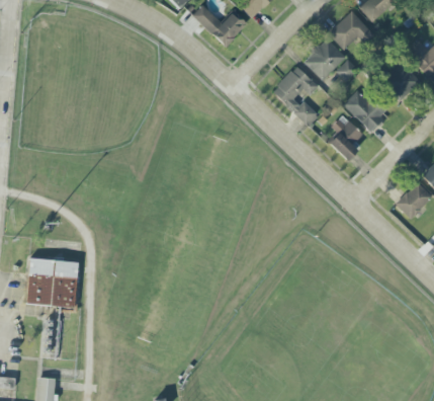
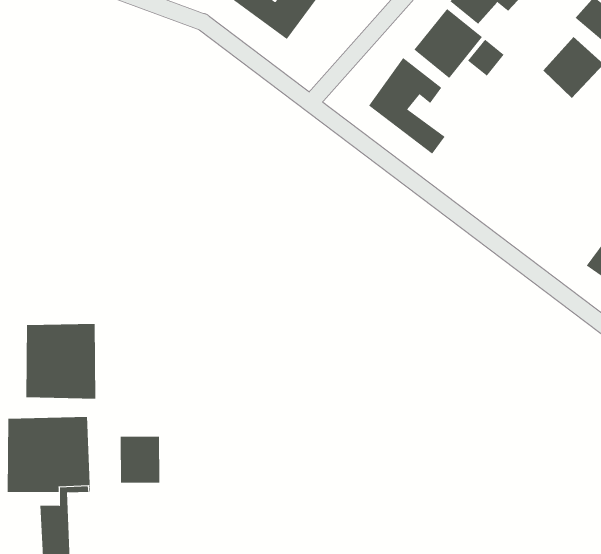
building: [342,86,388,132] -> none
building: [327,114,362,160] -> none
building: none -> [26,323,96,400]
building: none -> [120,436,160,483]

